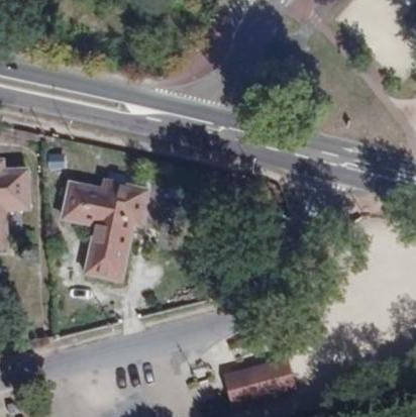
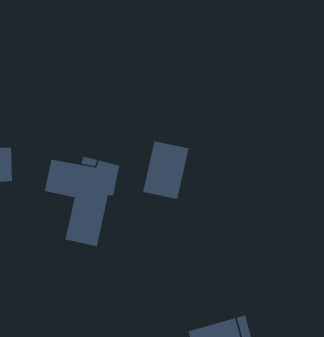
building: none -> [142,140,189,200]

